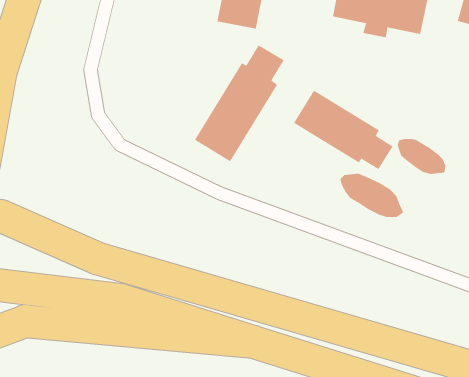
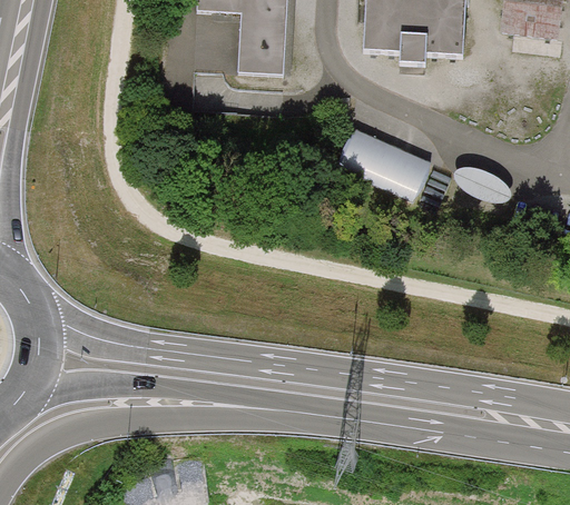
building: [194,44,284,162] -> none
building: [340,173,403,218] -> none

